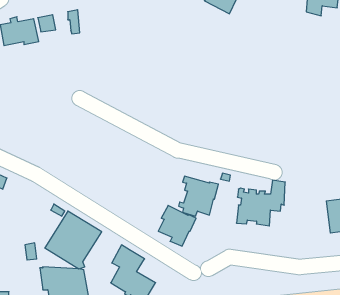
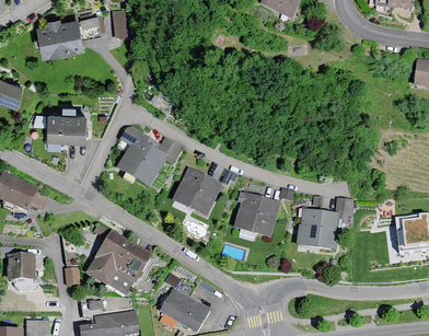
building: none -> [47,107,84,138]
building: none -> [117,128,179,185]
building: [158,205,196,246] -> [178,170,220,215]

